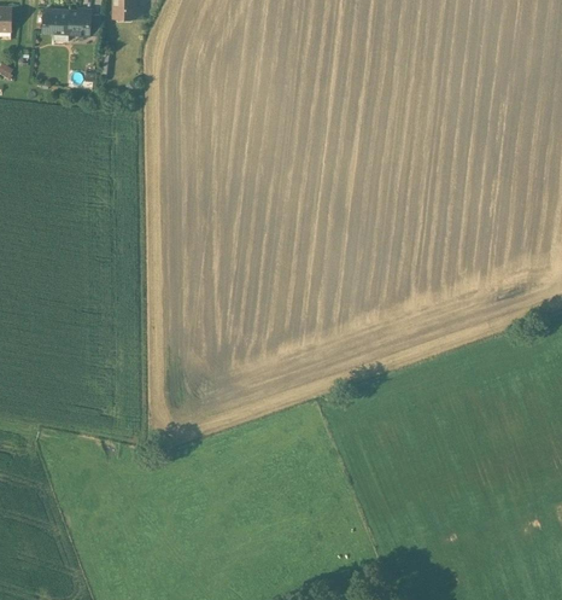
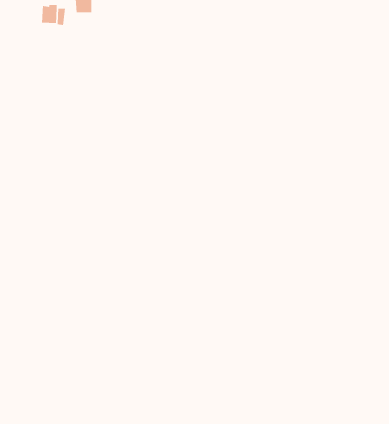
building: [41,11,68,34] -> none

